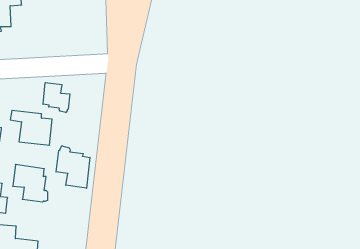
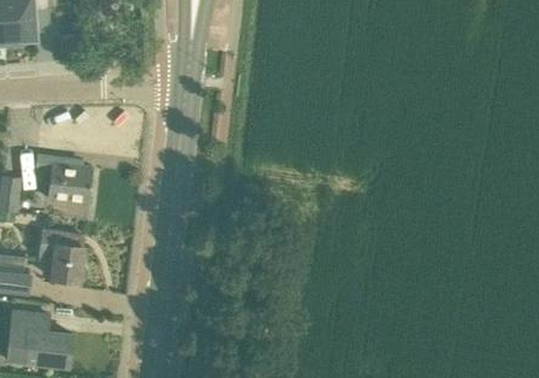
building: [43,83,70,113] -> none
building: [56,146,90,188] -> none

